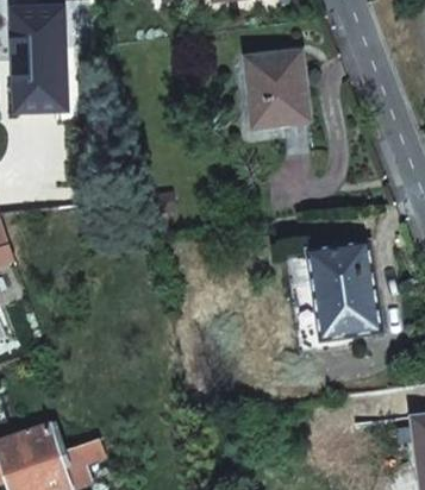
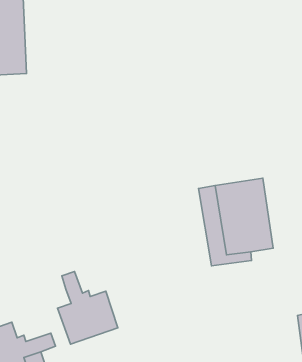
building: [246,52,308,126] -> none
building: none -> [57,272,118,344]

